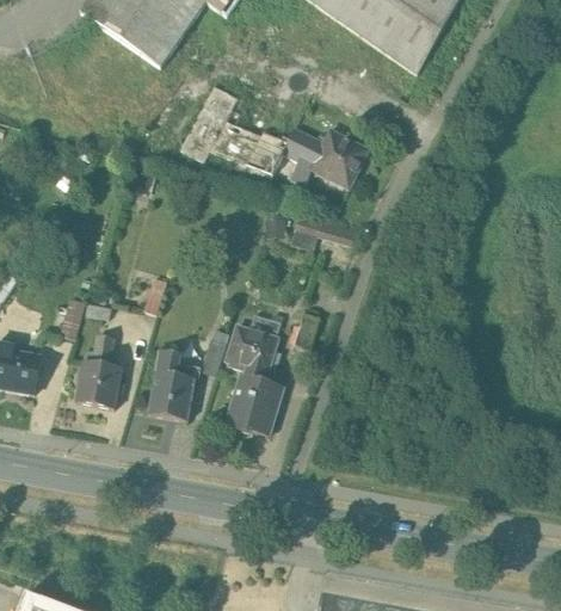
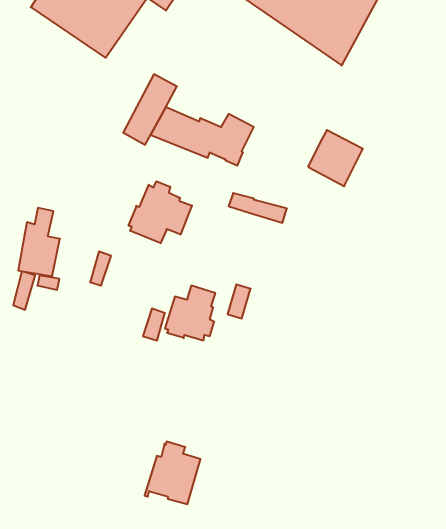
building: [309,129,369,190] -> [308,130,363,186]
building: none -> [129,181,192,243]
building: [76,334,122,408] -> [18,208,60,276]
building: [148,352,196,421] -> none
building: [223,368,284,436] -> [145,442,201,504]

